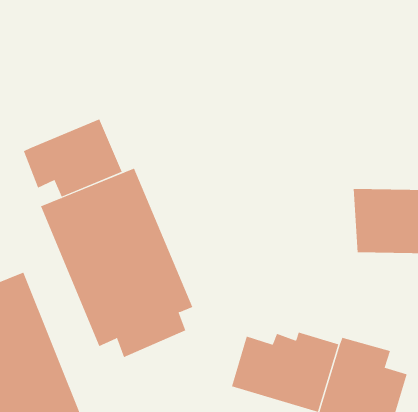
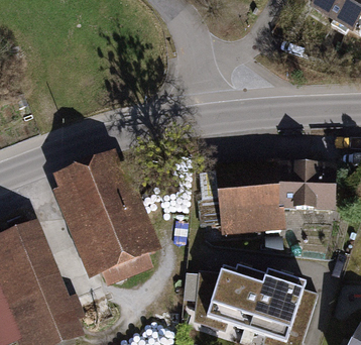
building: [23,119,122,198] -> none
building: none -> [217,161,283,235]

